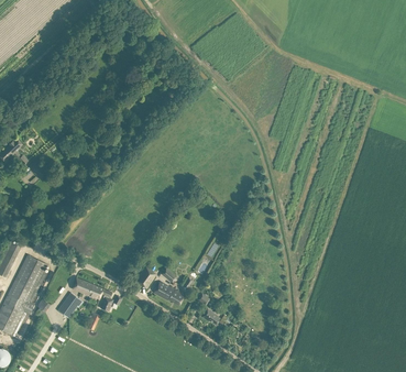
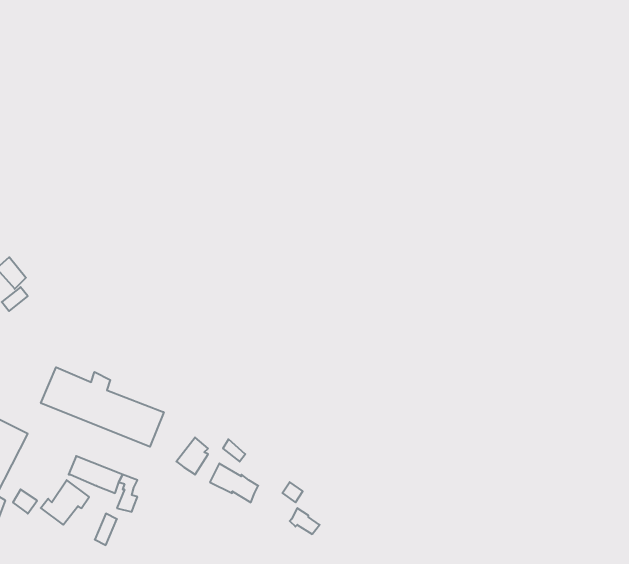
building: none -> [41,367,164,447]

